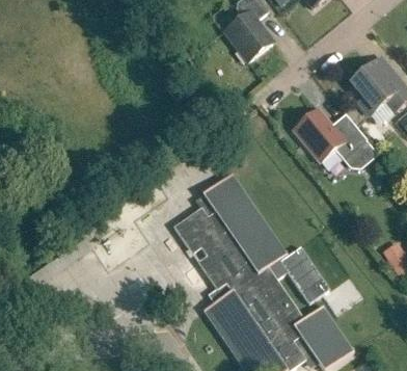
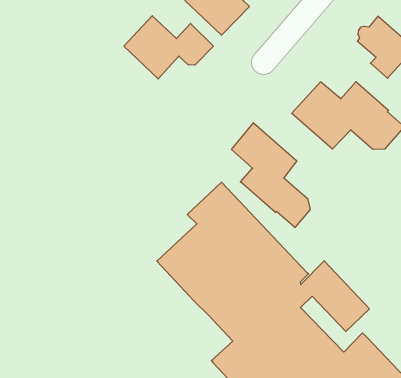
building: none -> [124,16,213,79]
building: none -> [231,123,310,228]

